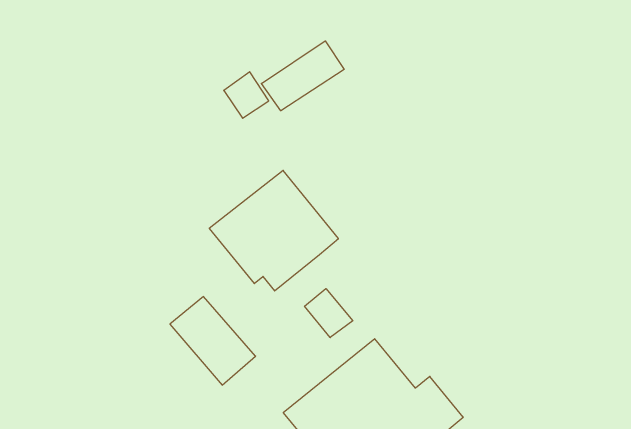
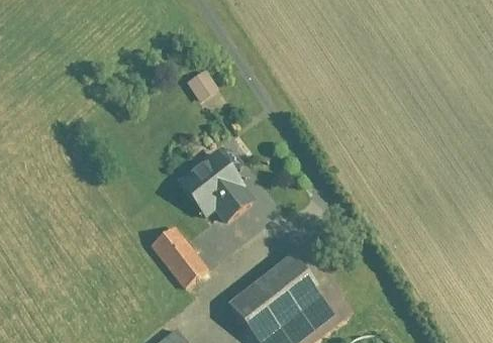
building: [261,41,344,111] -> none
building: [305,289,353,338] -> none

